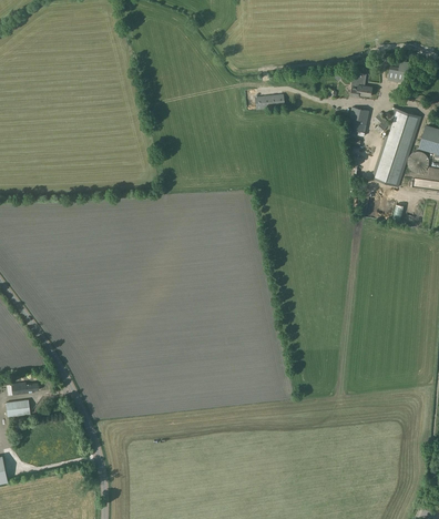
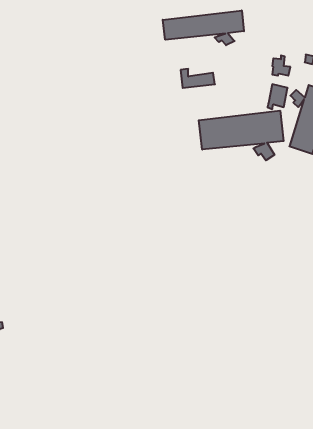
building: none -> [163,10,244,45]
building: none -> [199,111,284,160]

